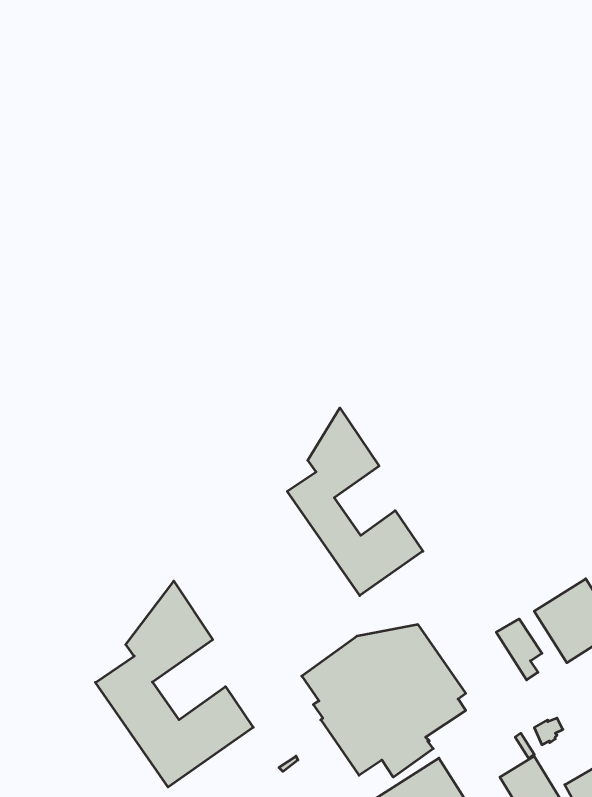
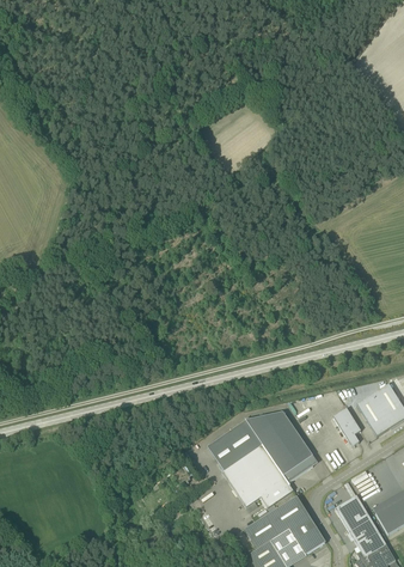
building: [287,408,423,596] -> none
building: [95,581,253,787] -> none

